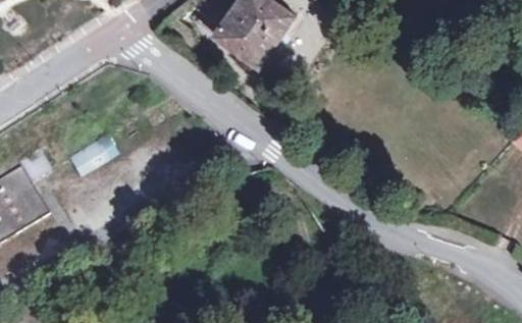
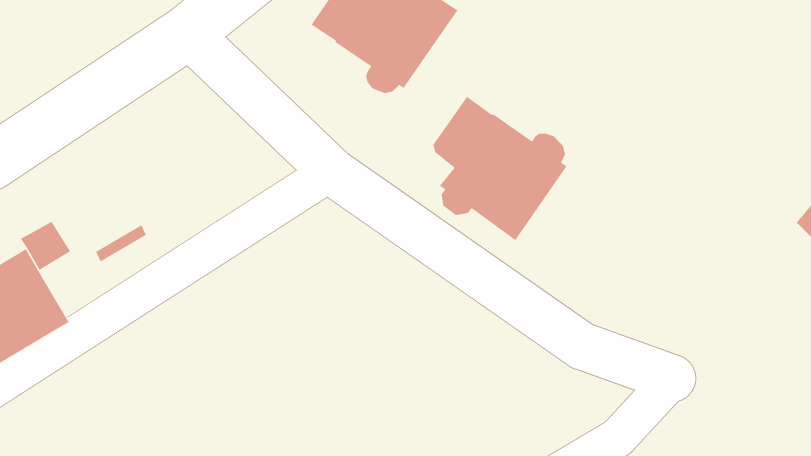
building: none -> [433,96,567,241]

